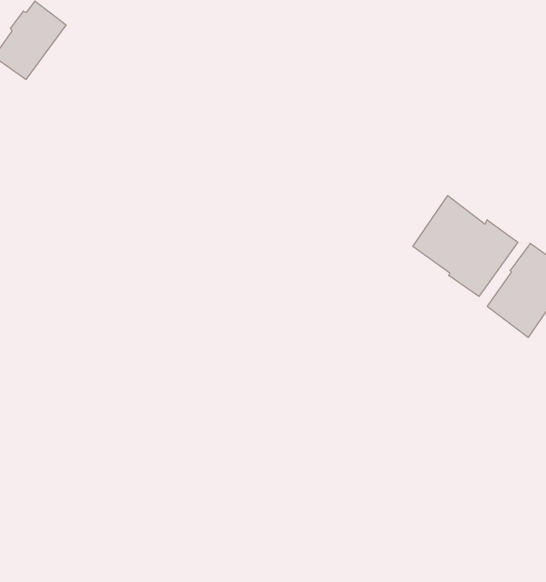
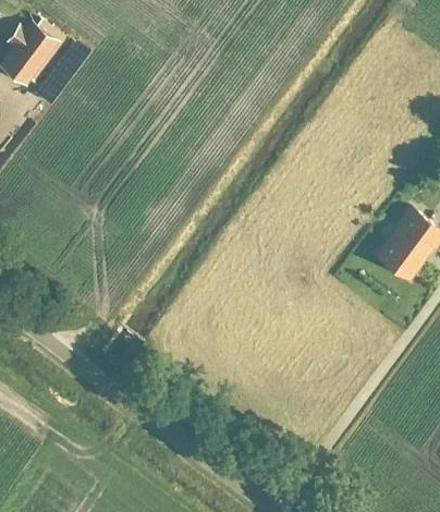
building: [413,196,518,296] -> none

